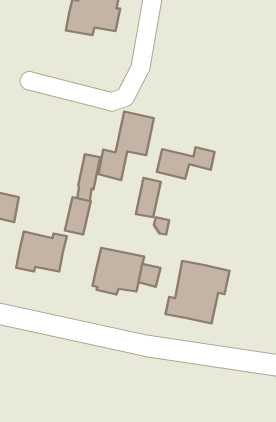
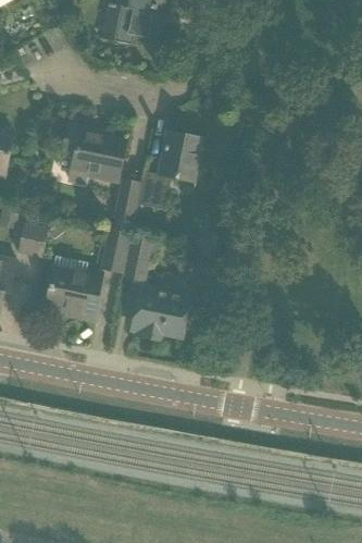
building: none -> [62,124,126,186]
building: [157,147,214,179] -> none
building: [136,178,161,217] -> [125,236,153,281]
building: [165,261,229,324] -> none

